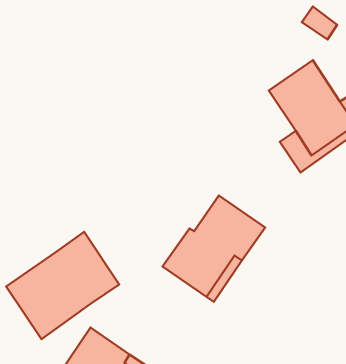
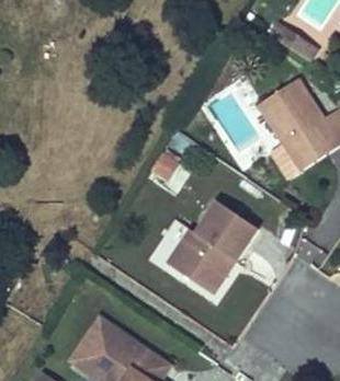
building: [6,232,119,339] -> none

